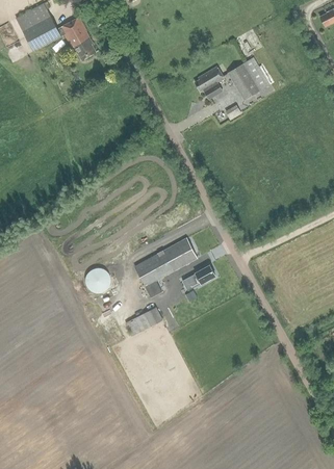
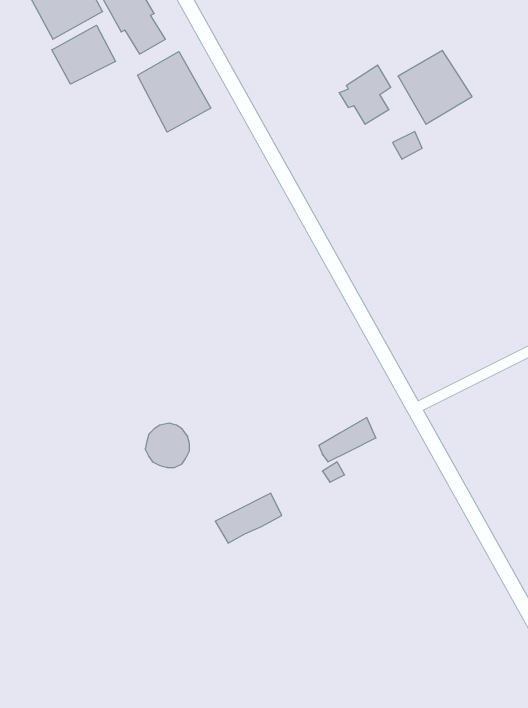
building: none -> [52,25,116,84]
building: none -> [138,52,211,132]
building: [134,237,198,297] -> none

